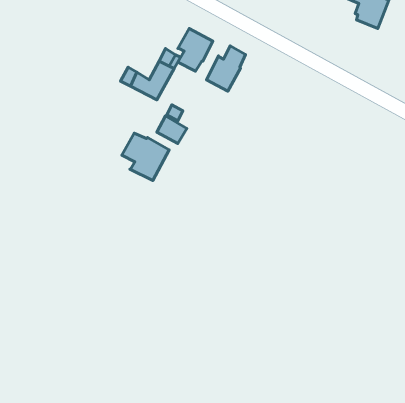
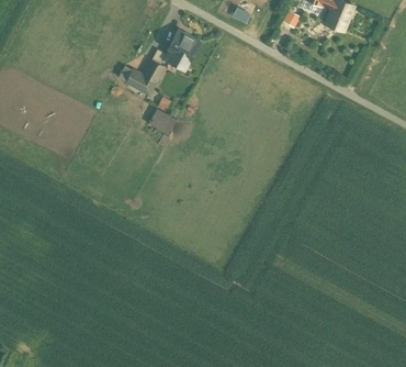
building: [207,46,246,91] -> none
building: [122,133,169,180] -> none

